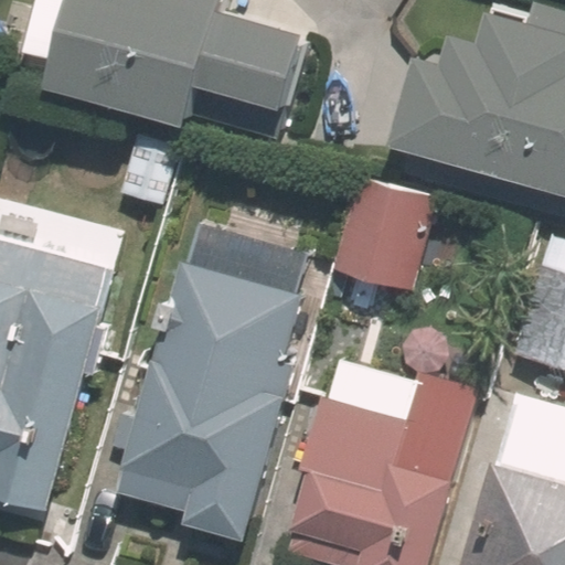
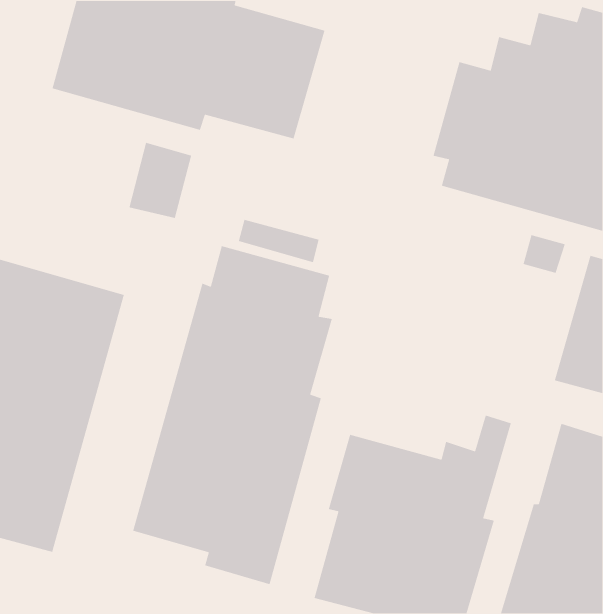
building: [332,179,436,288] -> none

